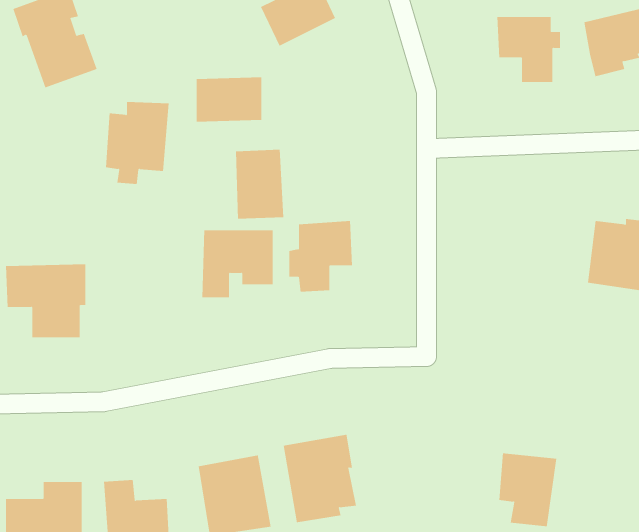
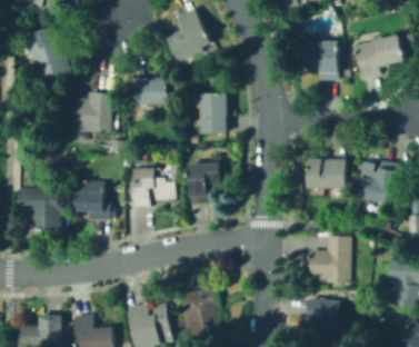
building: [235,149,284,219] -> [199,93,228,135]
building: none -> [306,159,346,189]
building: none -> [73,181,111,221]
building: none -> [309,237,352,285]

